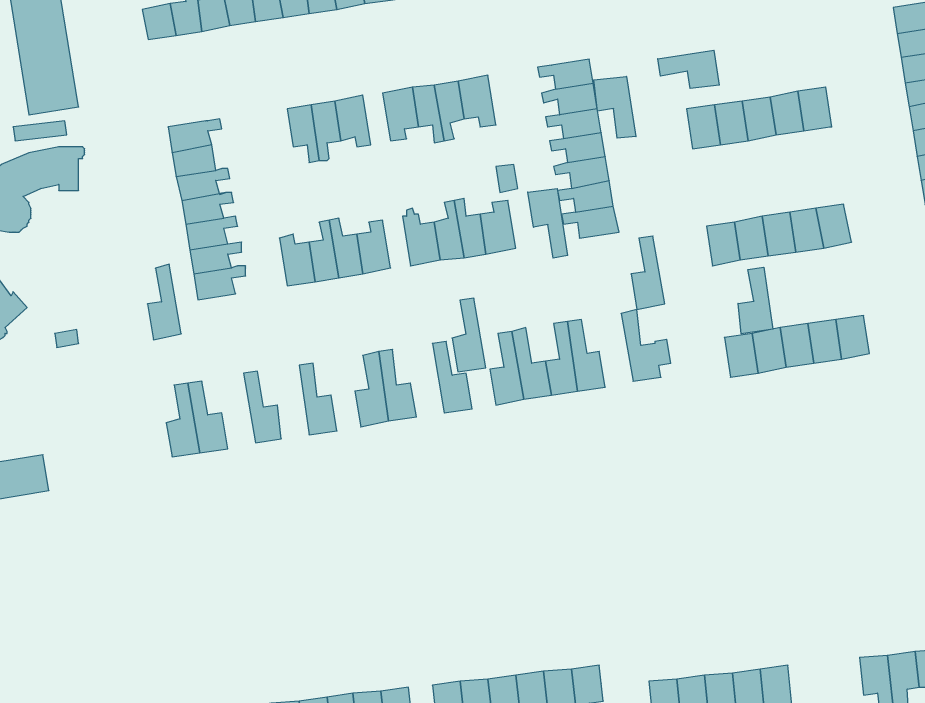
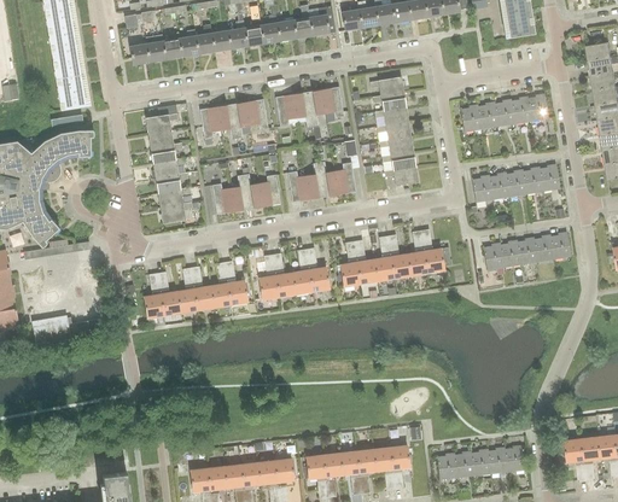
building: [658,50,719,88] -> none
building: [594,76,636,138] -> none
building: none -> [199,107,221,146]
building: [528,189,568,258] -> none
building: [631,236,665,310] -> [407,232,427,276]
building: [147,264,181,340] -> [177,268,198,314]
building: [738,267,773,334] -> none
building: [452,298,486,372] -> [292,250,313,294]
building: none -> [211,263,231,308]

